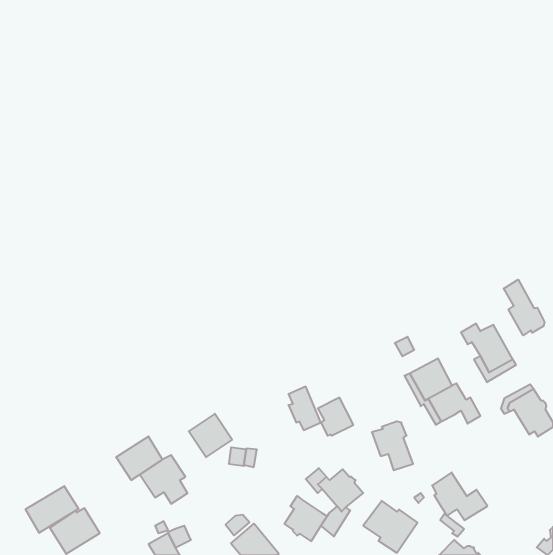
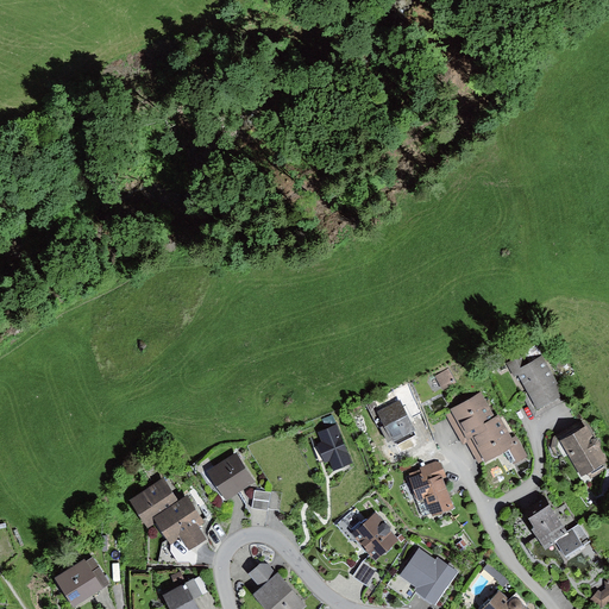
building: [504,280,545,335] -> none
building: [318,398,353,436] -> [376,401,415,442]
building: [432,472,487,520] -> [528,504,589,557]
building: [26,486,79,533] -> none
building: [285,496,327,541] -> none

